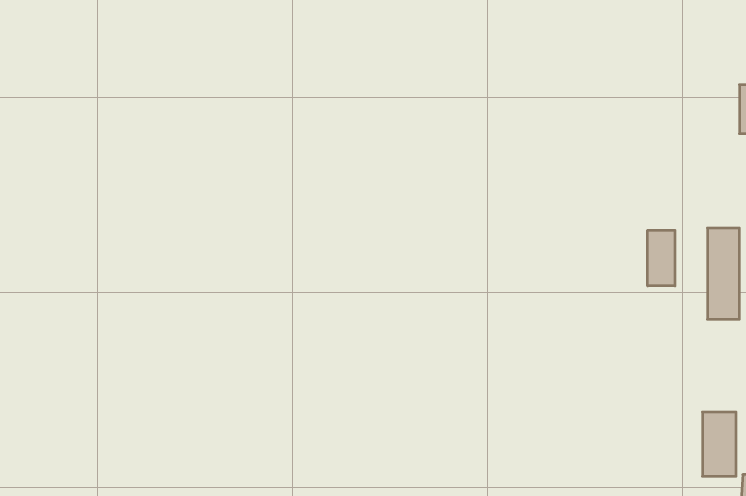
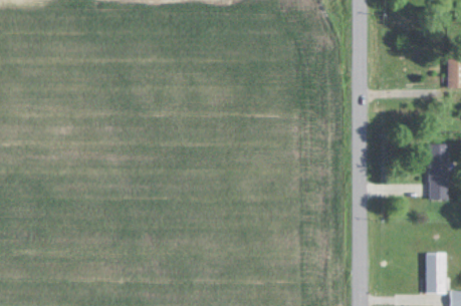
building: [648,230,675,286] -> none

